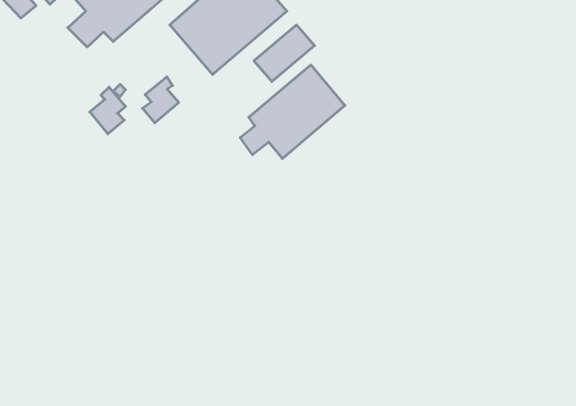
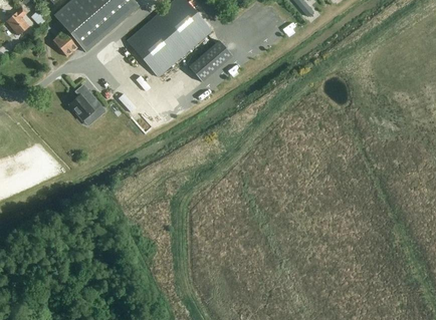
building: [240,65,345,159] -> none
building: [142,77,179,123] -> none

